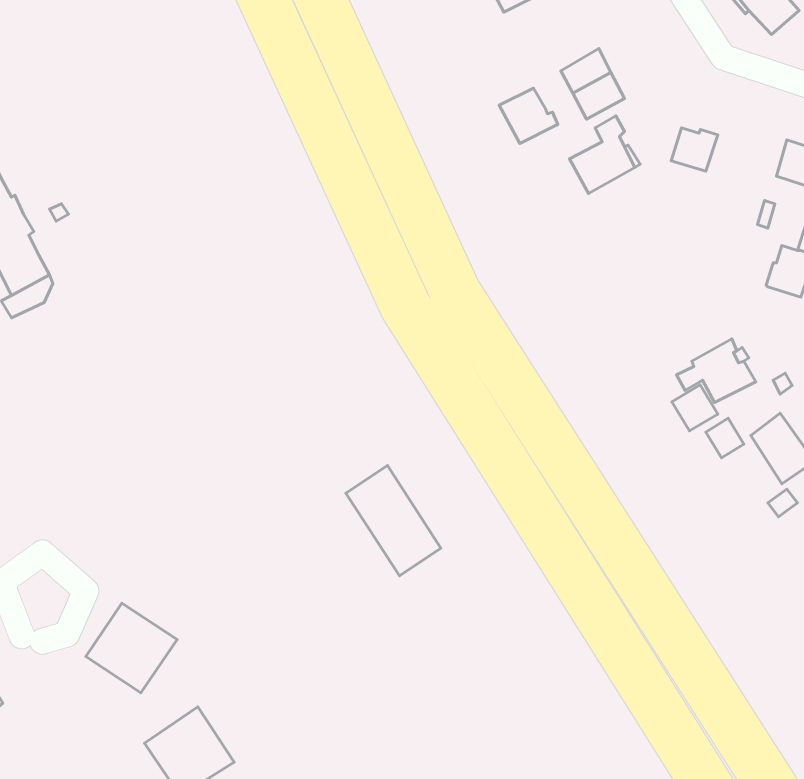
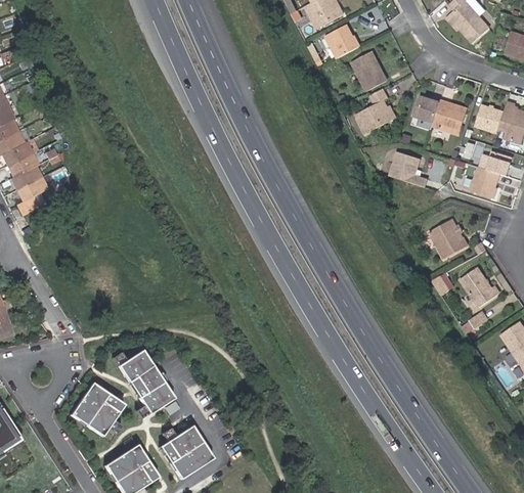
building: [499,88,558,143] -> [323,27,358,59]
building: none -> [434,99,470,135]
building: none -> [390,150,429,187]
building: [672,385,718,431] -> none
building: [346,465,441,576] -> [116,345,172,410]
building: none -> [156,420,210,475]

